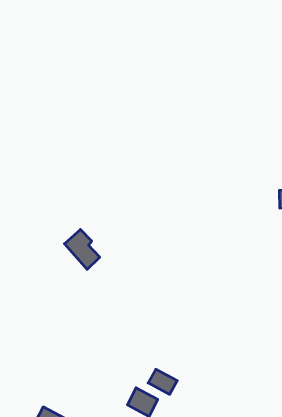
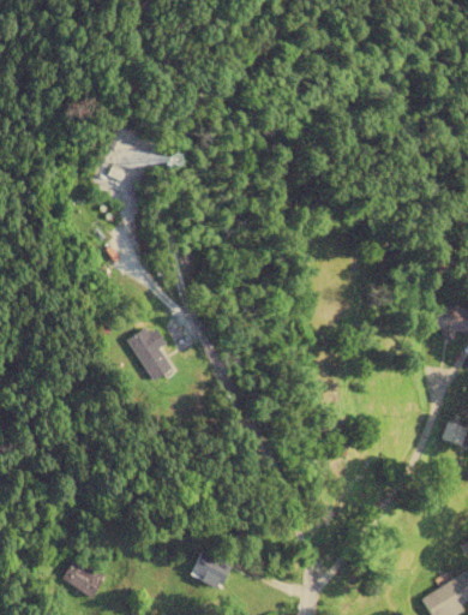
building: [148,369,177,394] -> none

